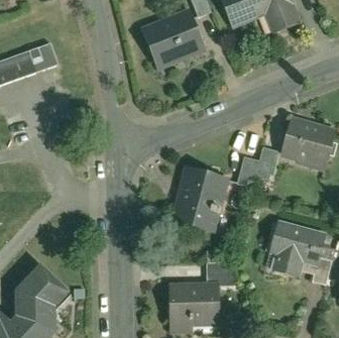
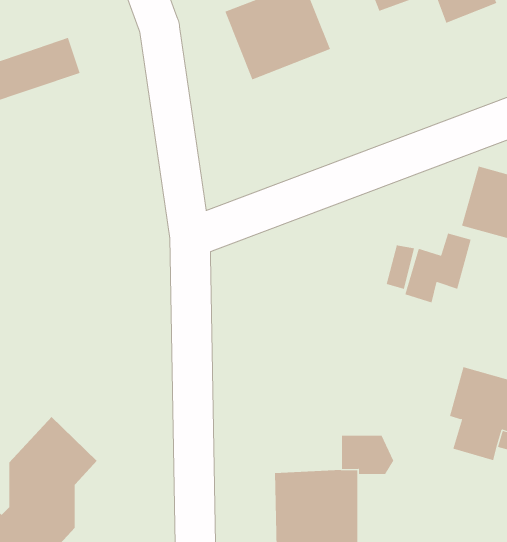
building: [170,159,226,224] -> none

